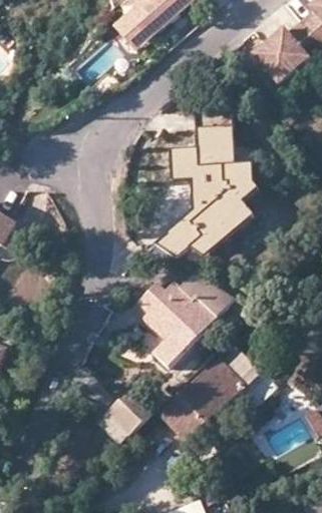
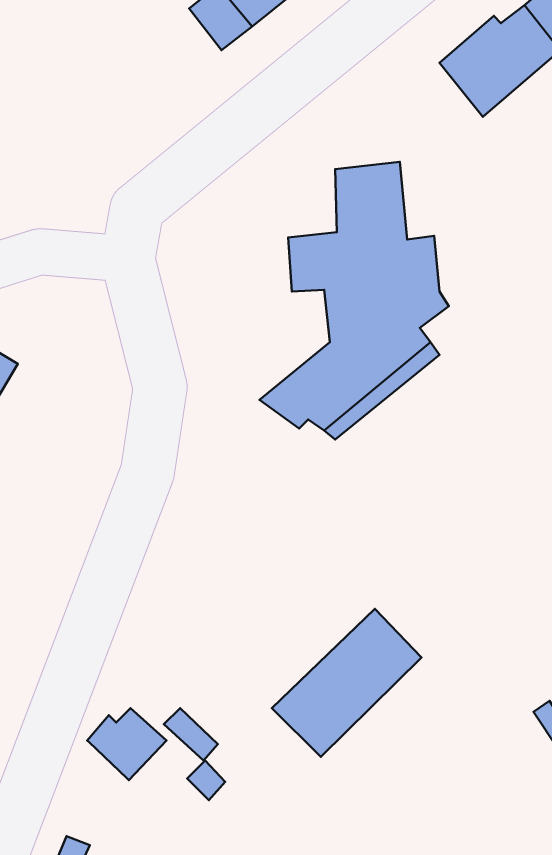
building: [137,272,234,368] -> none
building: [107,395,151,435] -> [87,708,167,780]

